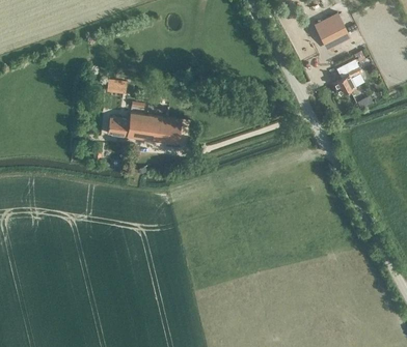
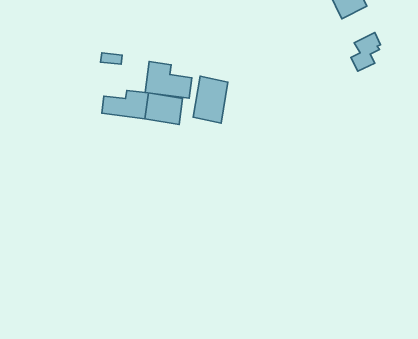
building: none -> [145,61,192,98]
building: none -> [193,76,228,123]

